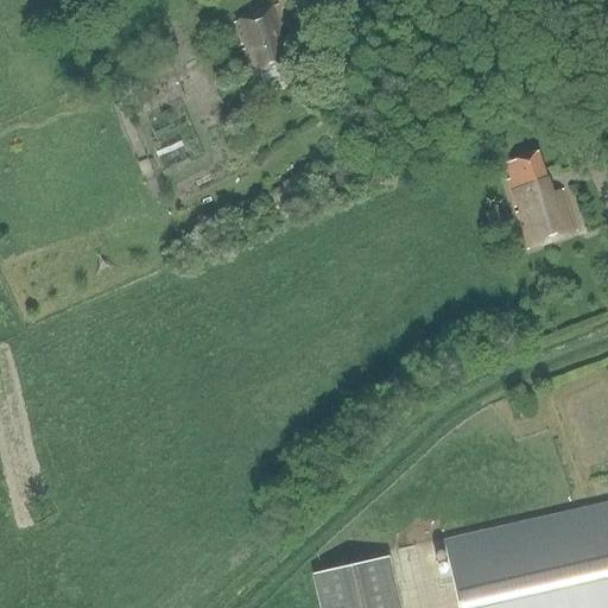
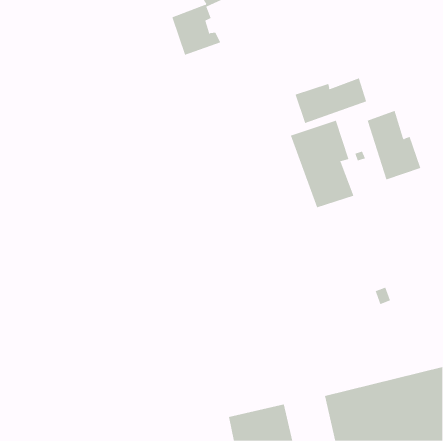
building: none -> [295,78,367,124]
building: none -> [290,120,354,208]

